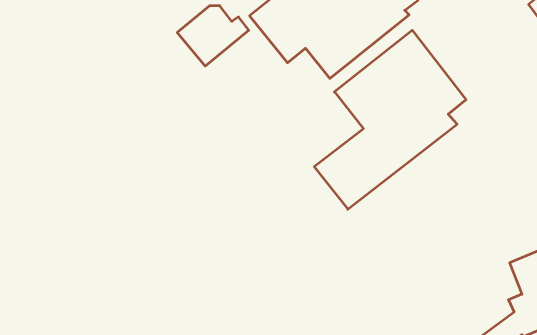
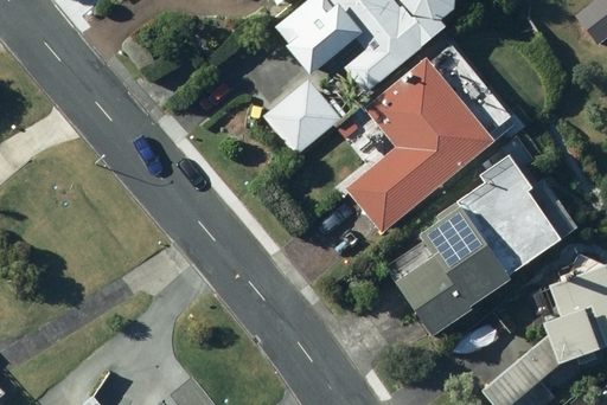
building: [177,6,249,66] -> [266,77,341,141]
building: none -> [402,156,567,335]

